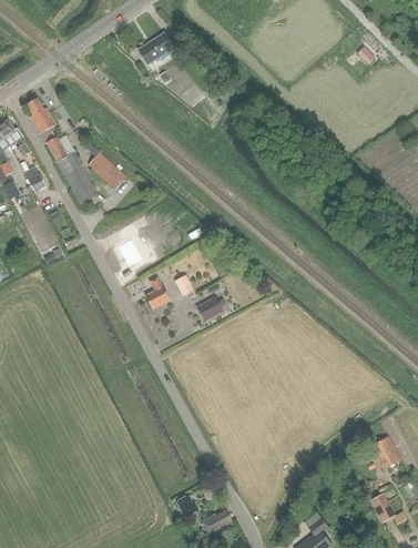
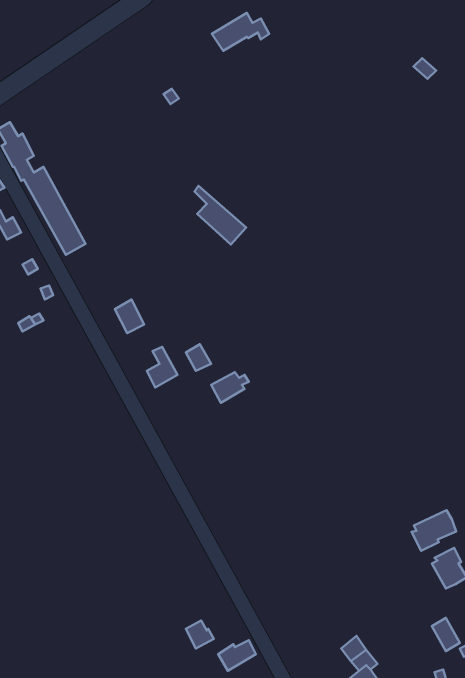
building: [137,32,183,62] -> [212,13,269,51]
building: [85,142,126,189] -> [194,186,246,244]
building: none -> [412,510,456,551]

